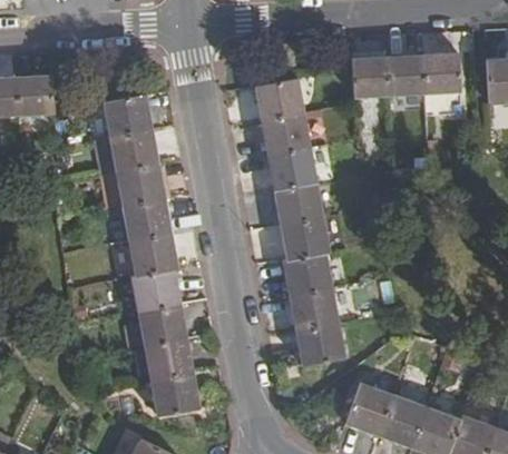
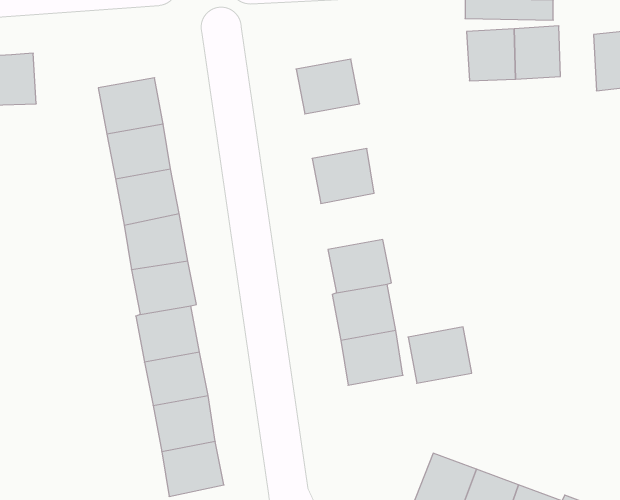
building: [352,58,389,98] -> none
building: [262,114,310,156] -> none
building: [274,182,322,226] -> none
building: [295,323,344,366] -> [408,327,472,383]

